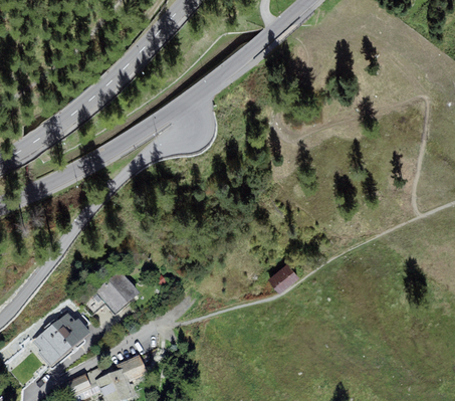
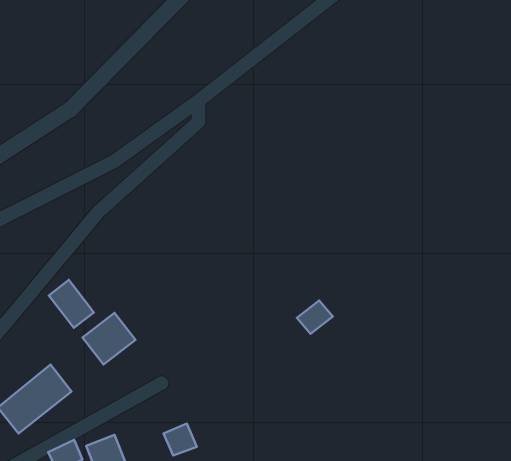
building: none -> [49,280,94,328]
building: [121,355,148,381] -> [163,424,197,456]

